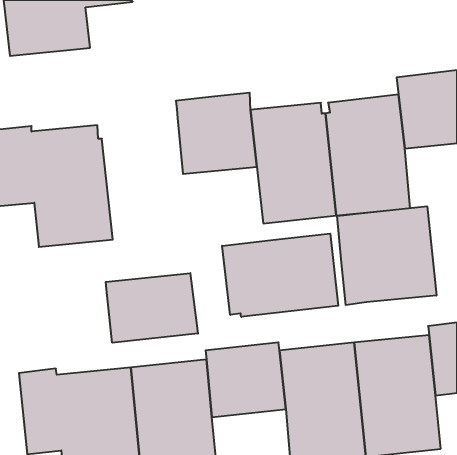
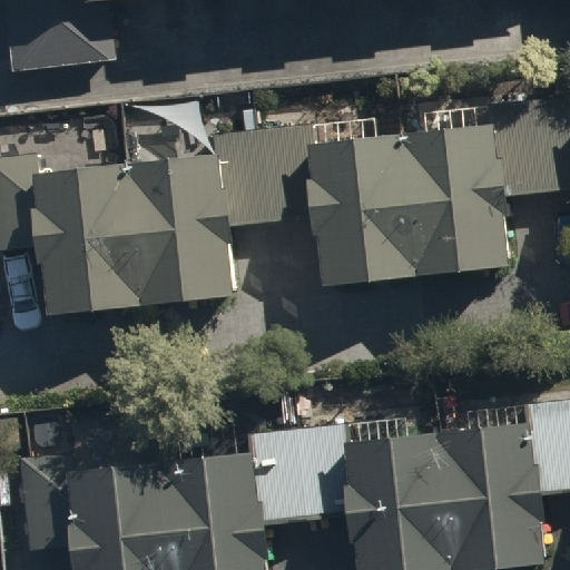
building: none -> [126,153,234,303]
building: [337,206,436,305] -> none
building: [222,234,338,317] -> none
building: [106,273,198,343] -> none

